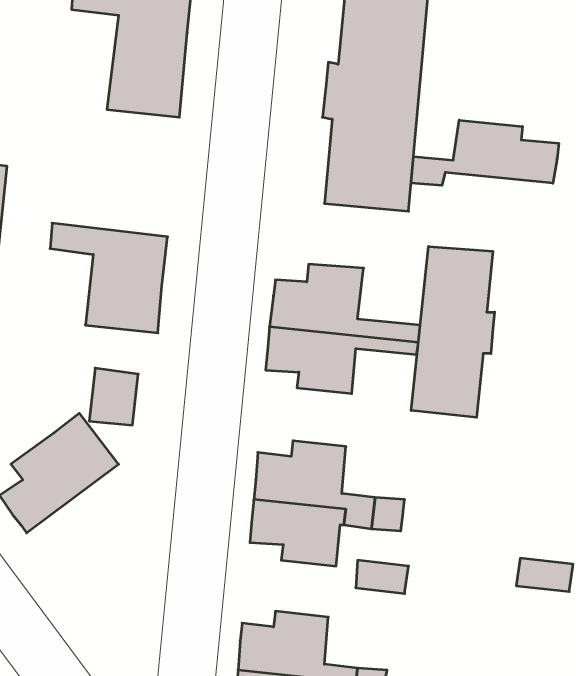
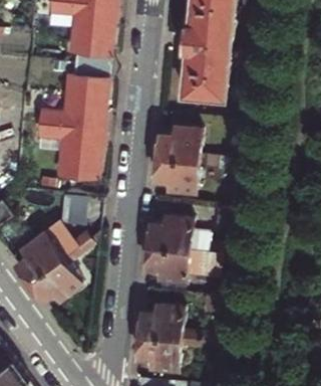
building: none -> [42,61,107,127]
building: [411,120,559,185] -> none
building: [411,246,495,417] -> none
building: none -> [29,236,90,297]

